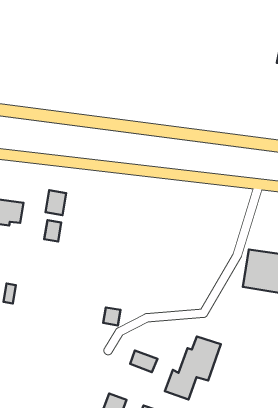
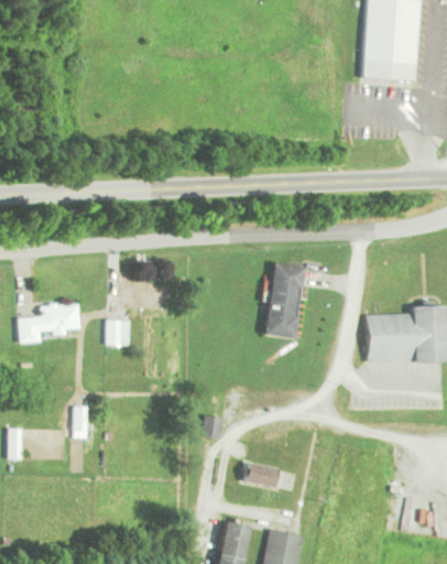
building: [46,190,66,215] -> none
building: none -> [264,263,305,339]
building: [165,337,221,400] -> none

